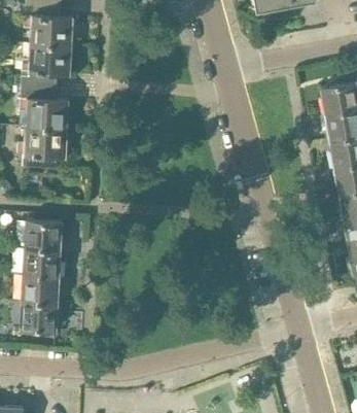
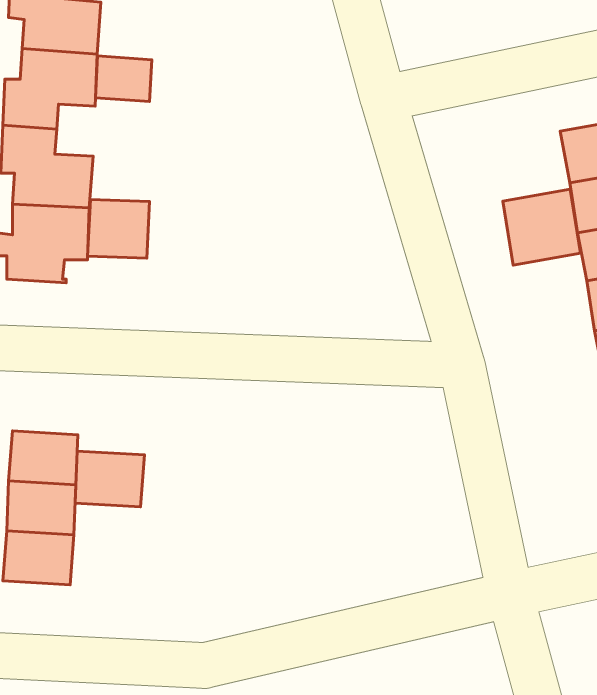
building: none -> [95,56,152,102]
building: none -> [503,189,581,265]
building: none -> [88,199,150,258]
building: [27,220,64,250] -> [75,451,144,507]

